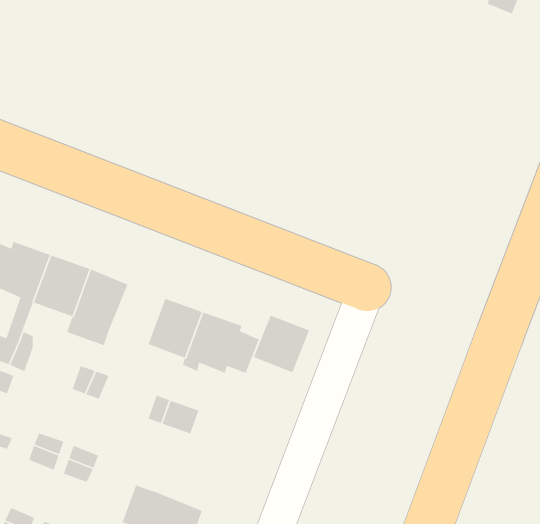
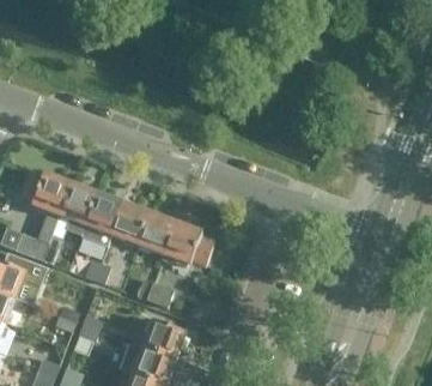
building: none -> [110,203,148,245]
building: [253,315,310,373] -> none
building: none -> [142,320,184,360]

